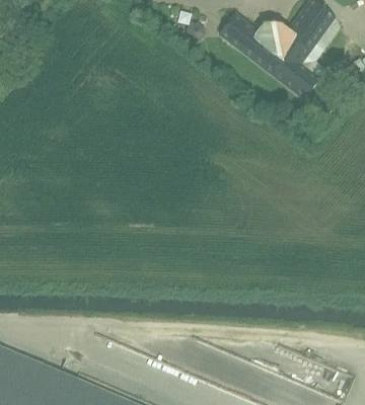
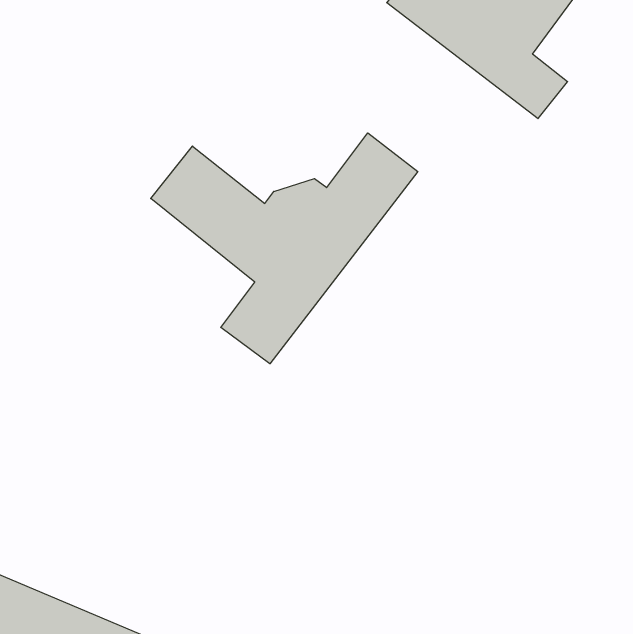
building: none -> [151,133,418,364]

